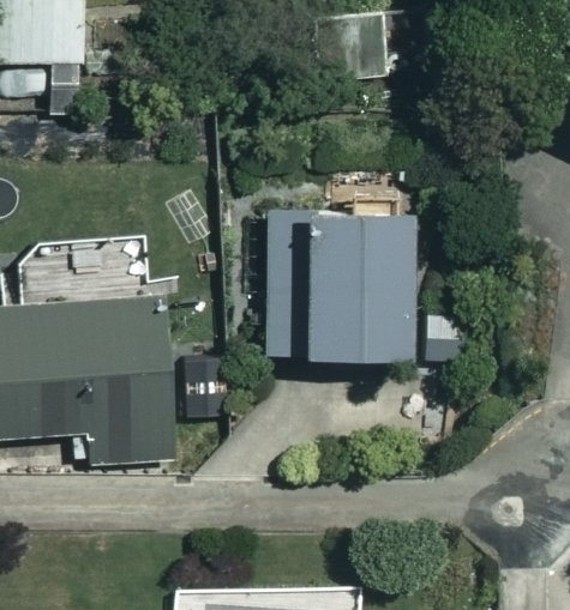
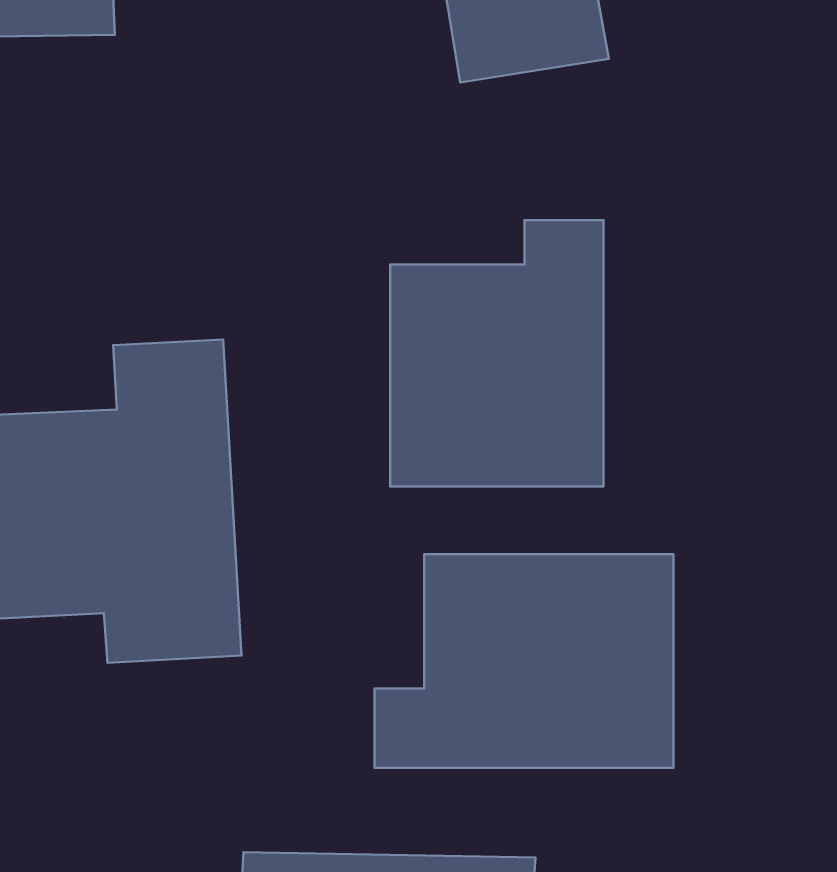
building: none -> [375,554,674,768]

